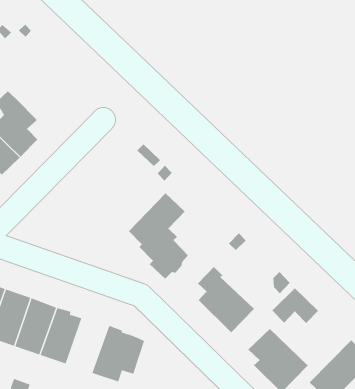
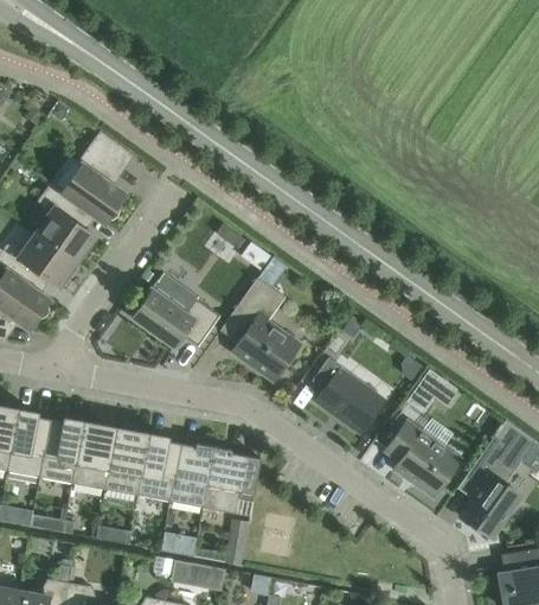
building: none -> [62,130,134,224]
building: none -> [130,272,219,348]
building: none -> [169,444,213,508]

